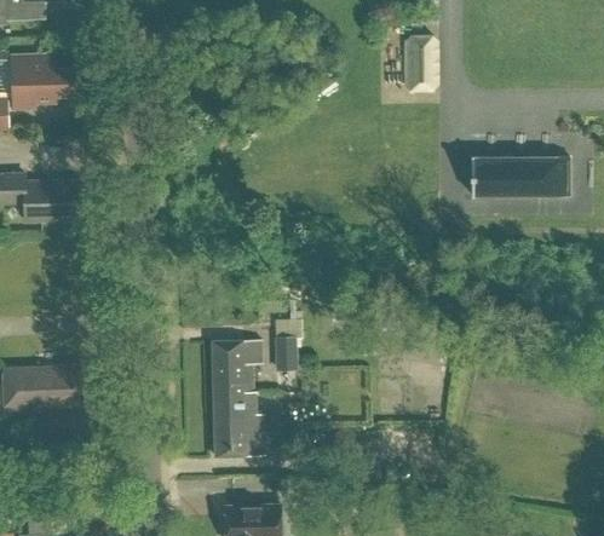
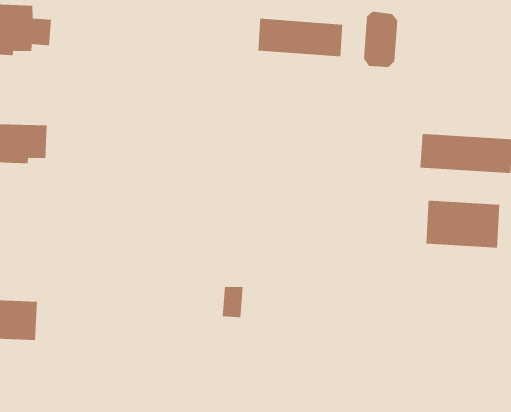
building: none -> [258,18,343,57]
building: none -> [426,200,500,248]
building: [211,340,263,456] -> none

